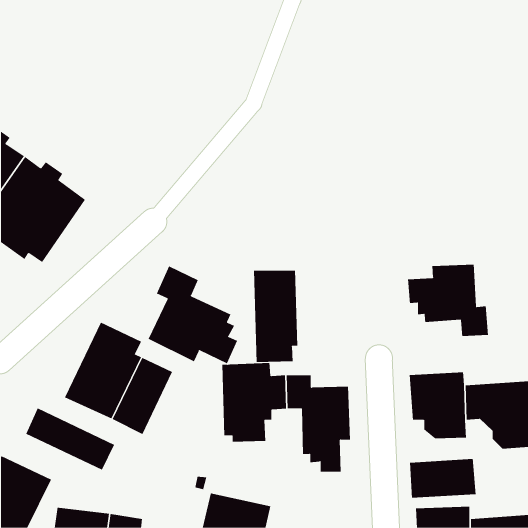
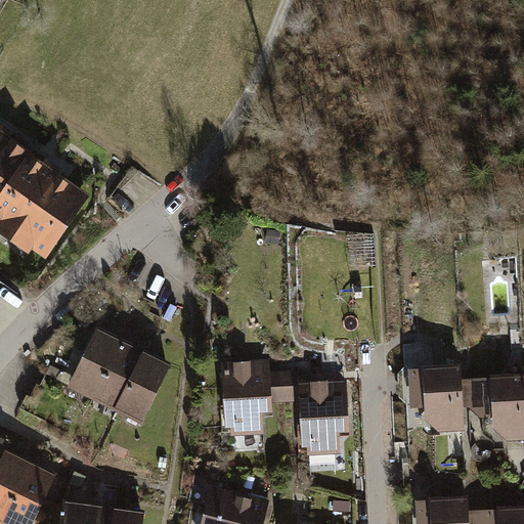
building: [407,264,489,337] -> none
building: [148,266,238,364] -> none
building: [253,270,298,363] -> none
building: [25,407,115,471] -> none
building: [410,458,476,498] -> none

